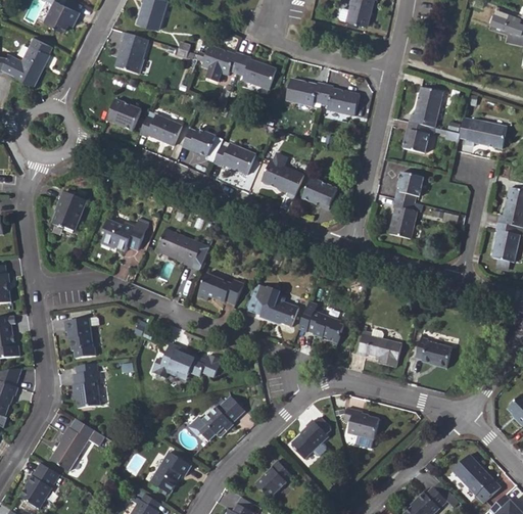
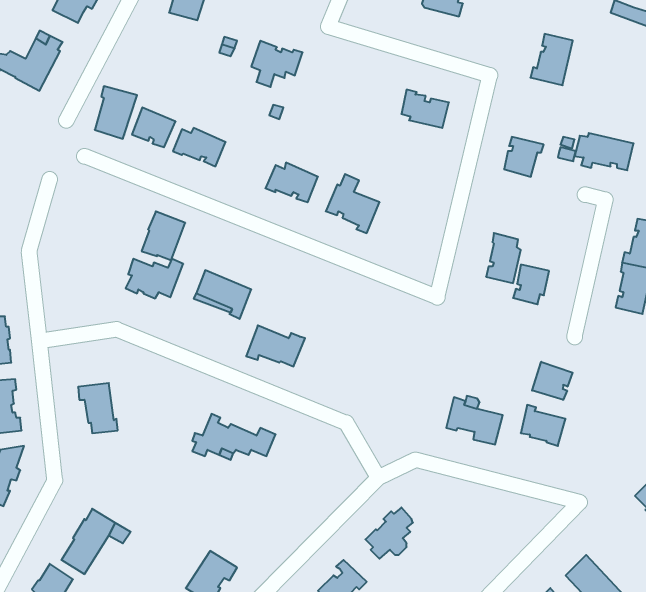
building: [115,32,149,74] -> [95,86,137,139]
building: [237,54,276,88] -> none
building: [286,78,326,105] -> none
building: [410,87,443,128] -> [530,34,573,85]
building: [183,128,224,162] -> none
building: [395,172,424,203] -> [513,265,549,304]
building: [303,177,336,208] -> none
building: [52,191,87,230] -> [142,211,185,260]
building: [245,284,299,326] -> none
building: none -> [532,362,573,400]
building: [307,310,344,342] -> none
building: [74,363,101,408] -> none
building: [189,395,245,440] -> none
building: [344,407,380,438] -> none

